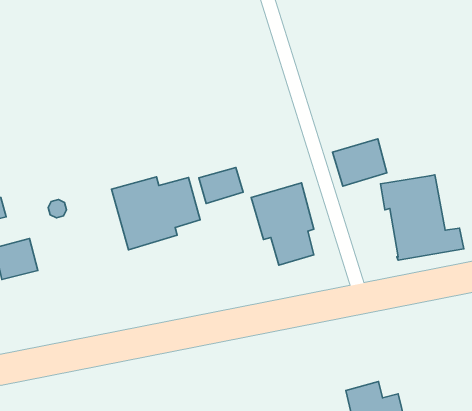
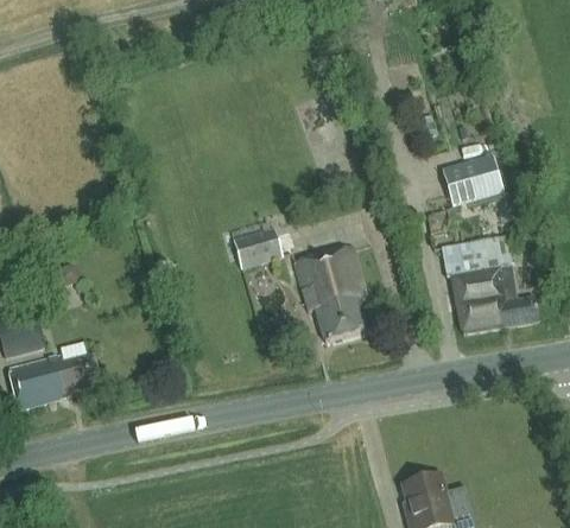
building: [333,139,387,186] -> [444,151,507,205]
building: [111,177,200,250] -> none
building: none -> [7,354,100,409]

